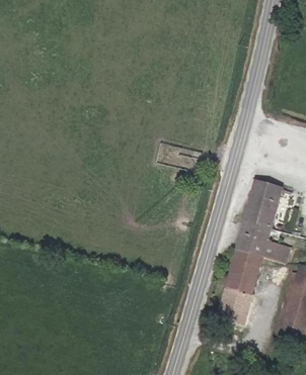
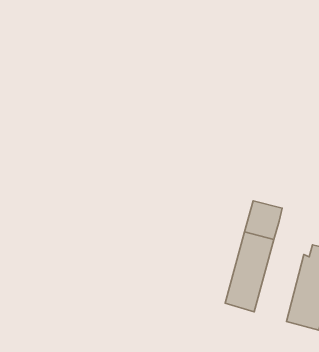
building: [243,181,282,227] -> none
building: [262,240,291,263] -> none

